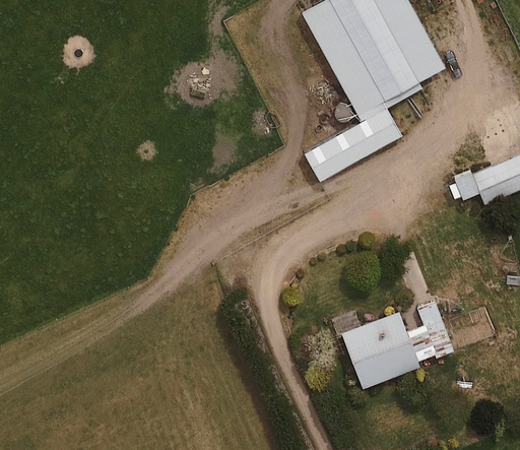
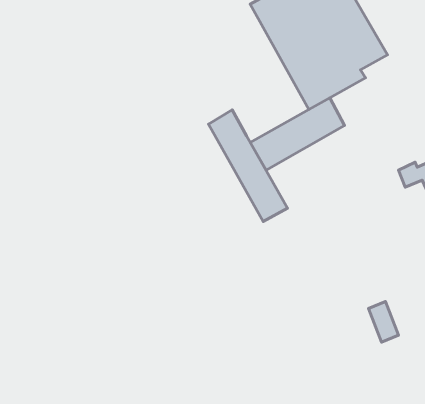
building: none -> [209,110,287,222]
building: [344,314,418,385] -> none

